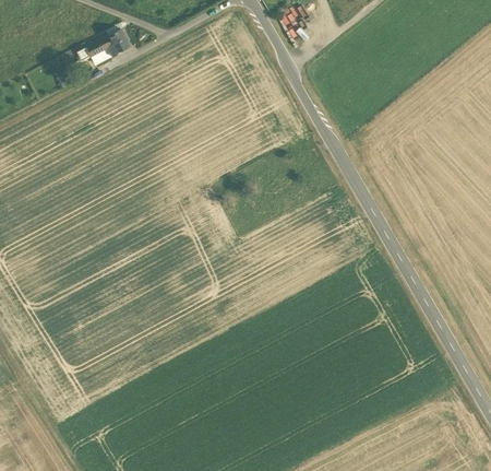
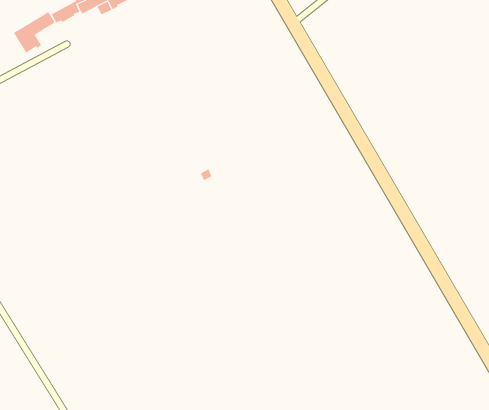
building: none -> [13,11,55,53]

